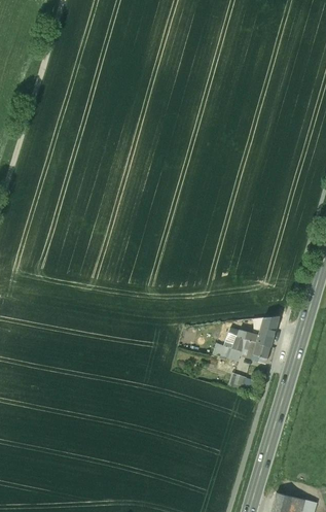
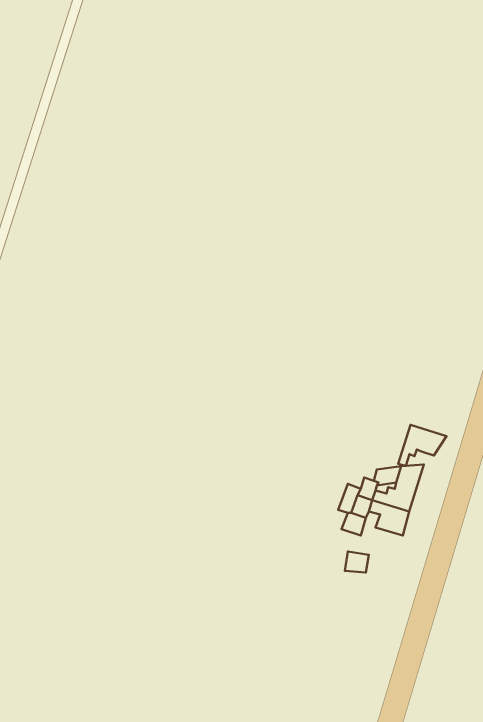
building: none -> [398,425,446,466]

